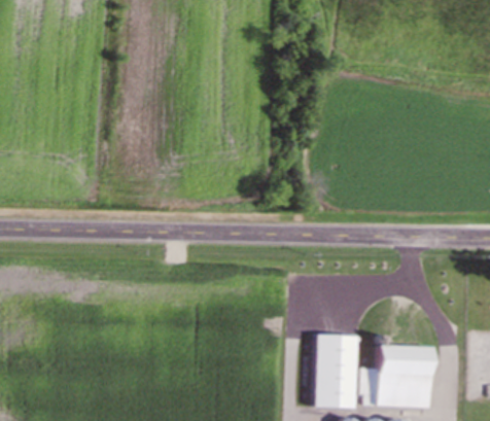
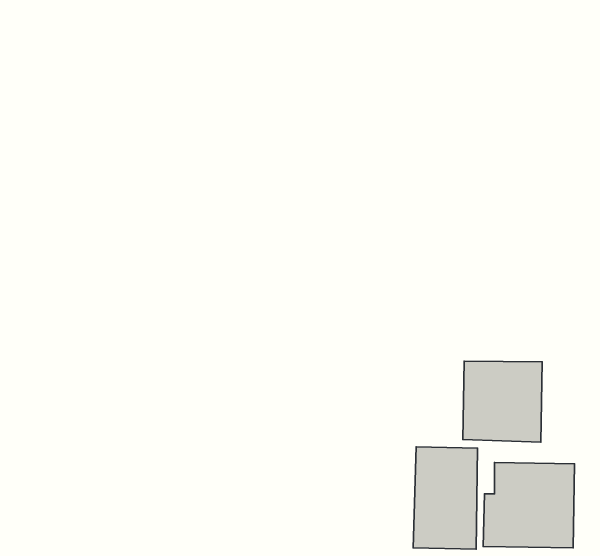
building: none -> [463,361,542,442]

